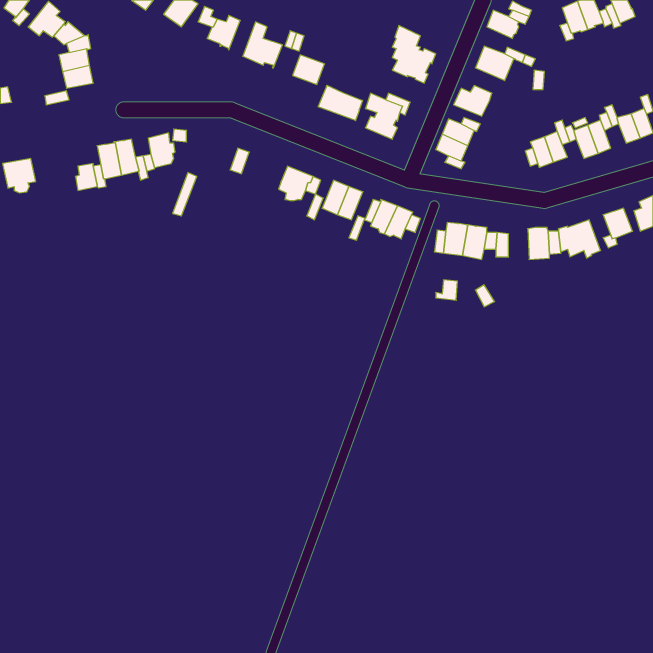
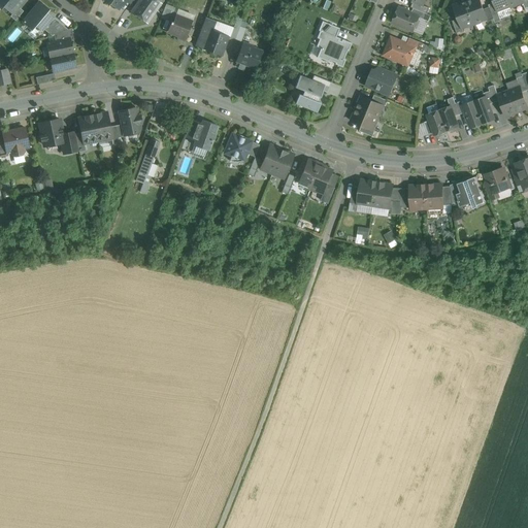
building: [318,85,362,121] -> none
building: none -> [39,120,64,145]
building: none -> [193,120,218,151]
building: none -> [409,185,427,210]

